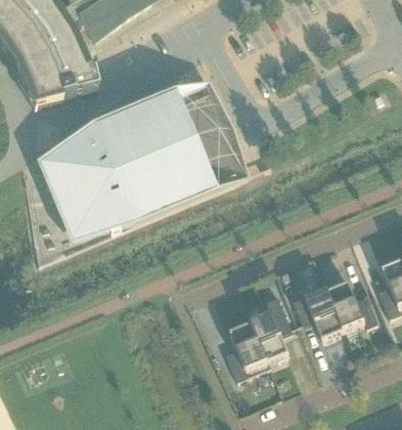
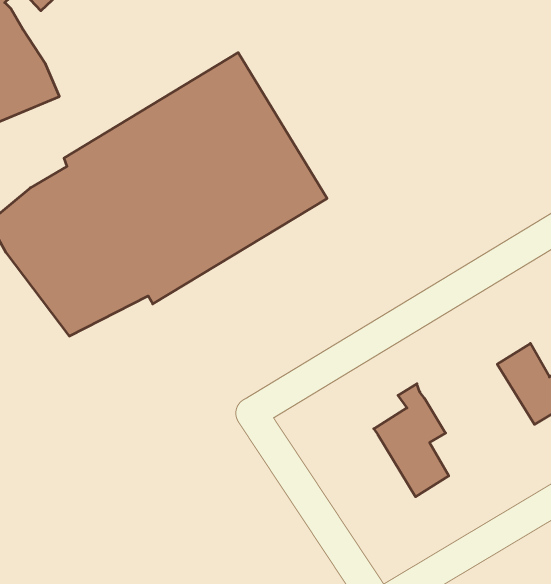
building: [291,281,342,337] -> none
building: [226,319,267,377] -> none

